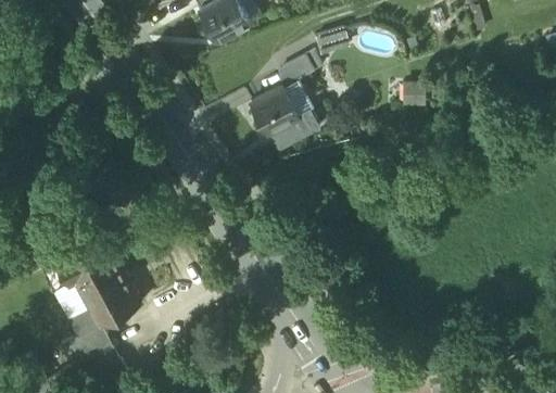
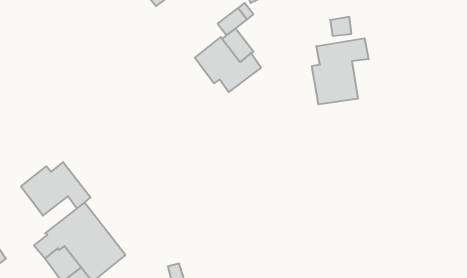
building: none -> [312,38,369,104]
building: none -> [21,162,91,216]

